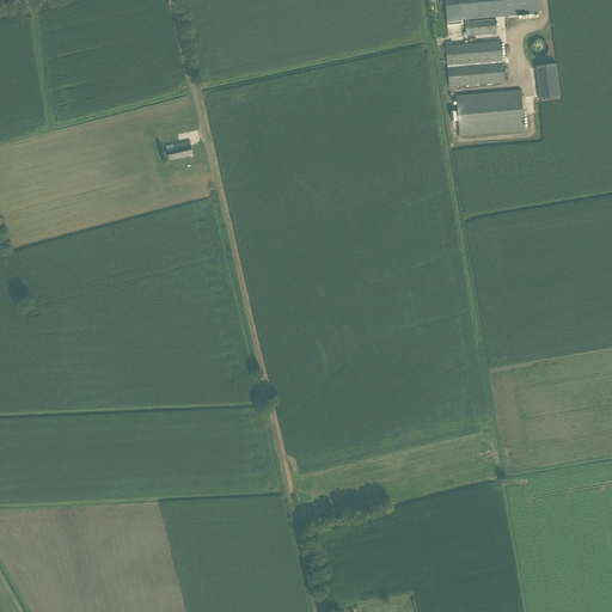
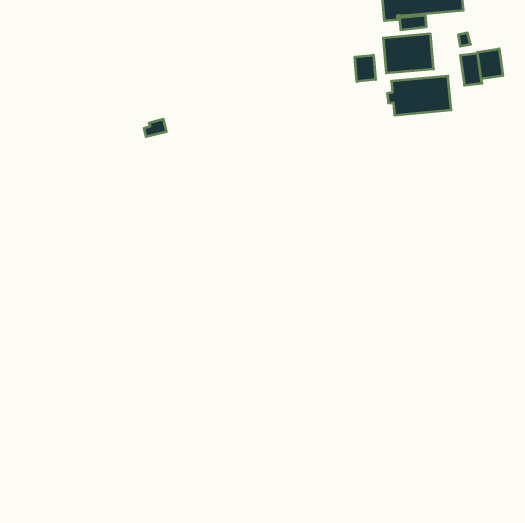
building: none -> [478,49,503,79]
building: none -> [355,55,376,82]

